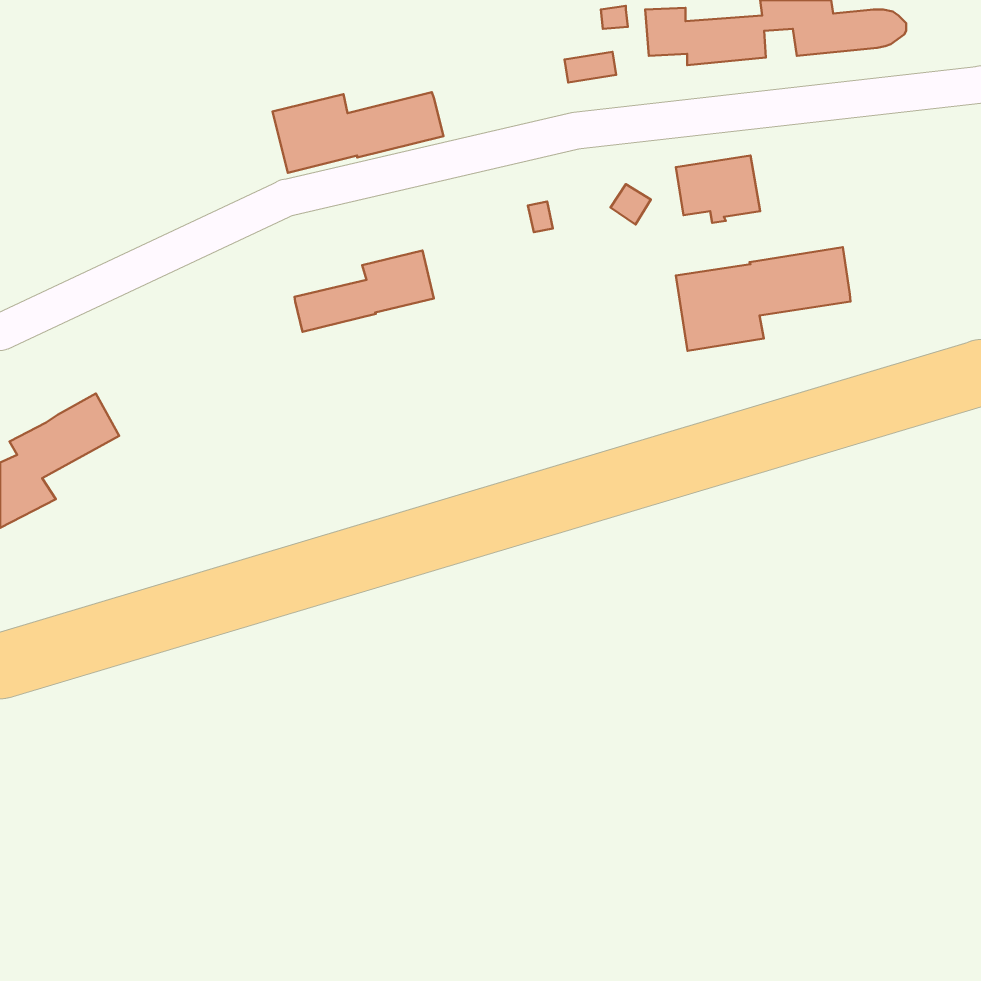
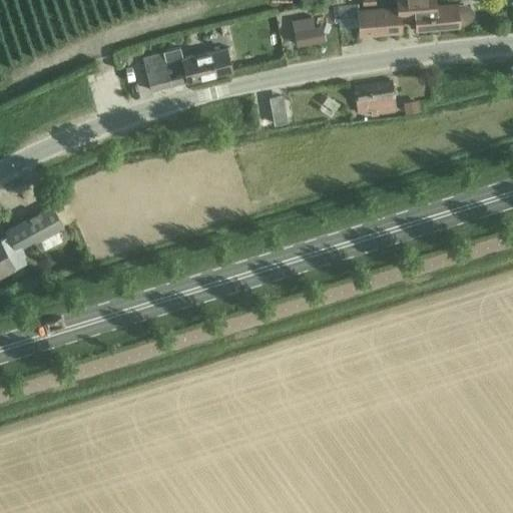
building: [676,247,851,351] -> none
building: [295,250,434,332] -> none

